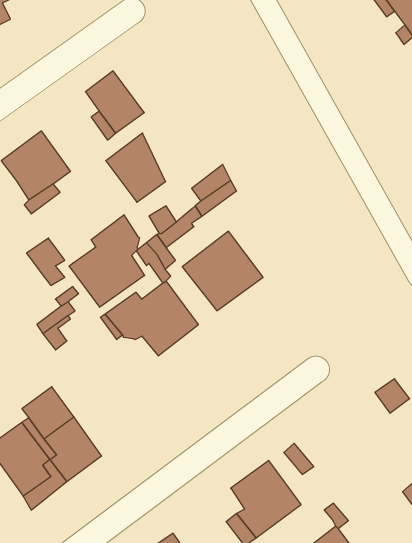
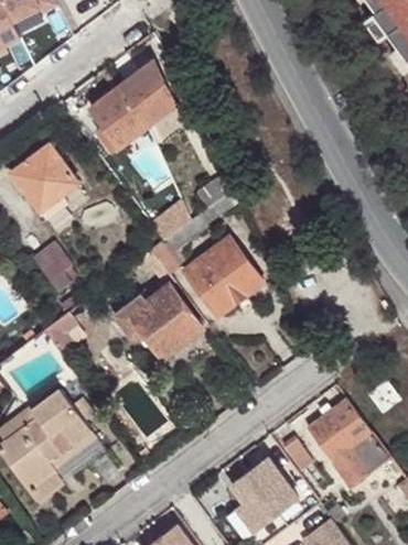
building: [106,133,166,202] -> [118,58,175,124]
building: [69,215,145,307] -> none
building: none -> [301,397,387,487]

